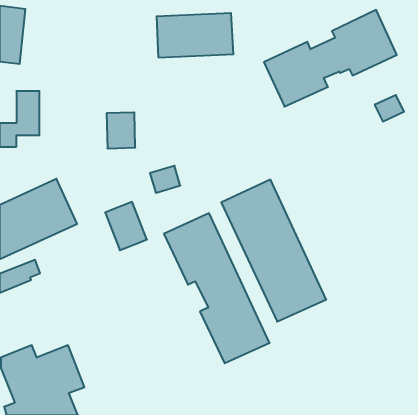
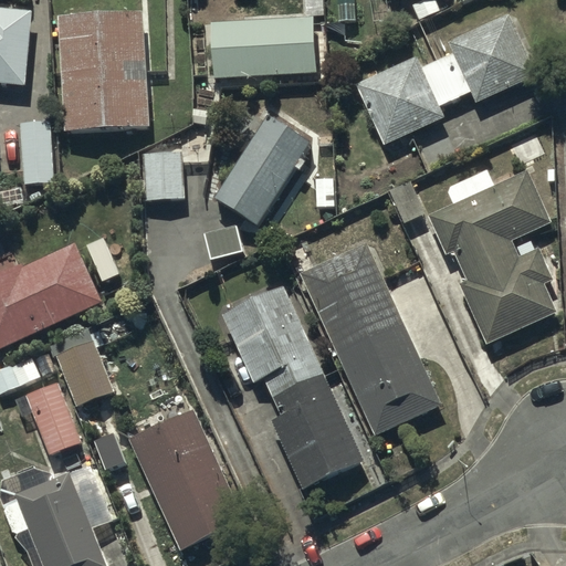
building: none -> [61,13,148,133]
building: none -> [213,114,311,226]
building: none -> [428,169,556,344]
building: [105,202,147,250] -> [57,340,114,406]
building: none -> [15,382,82,454]
building: none -> [119,406,243,549]

